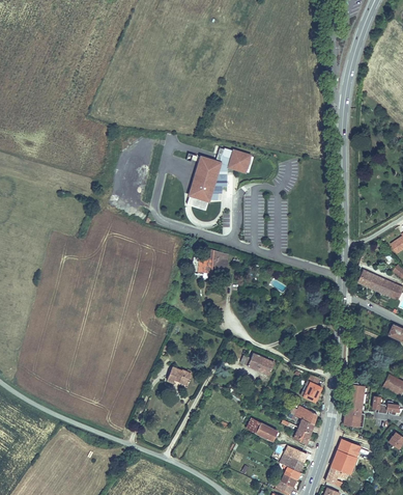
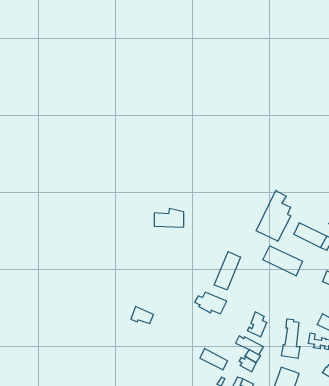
building: [186,149,251,211] -> none
building: none -> [256,190,291,241]
building: none -> [263,246,303,276]
building: none -> [214,252,241,290]

